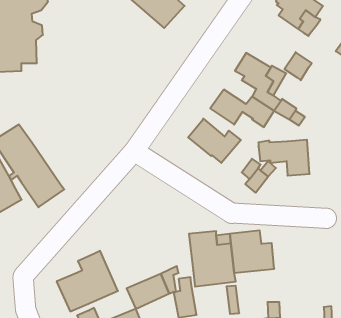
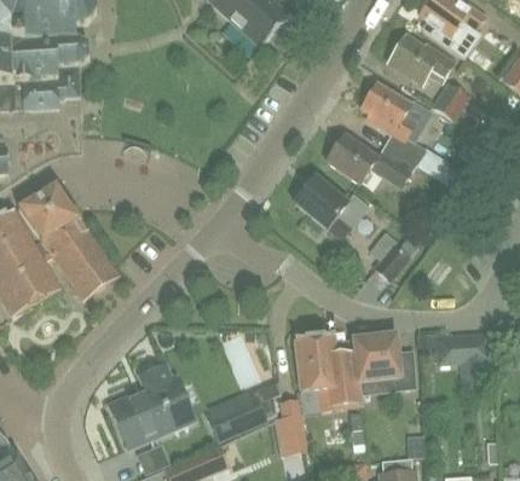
building: none -> [388,34,453,82]
building: [258,140,310,176] -> [420,331,492,382]

